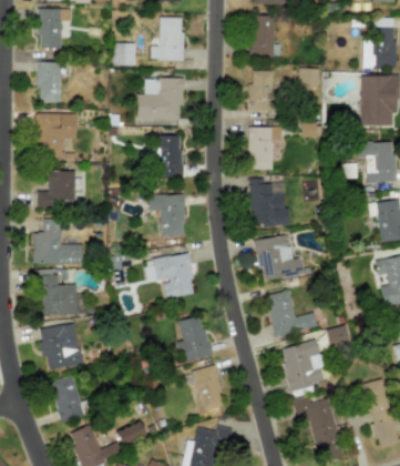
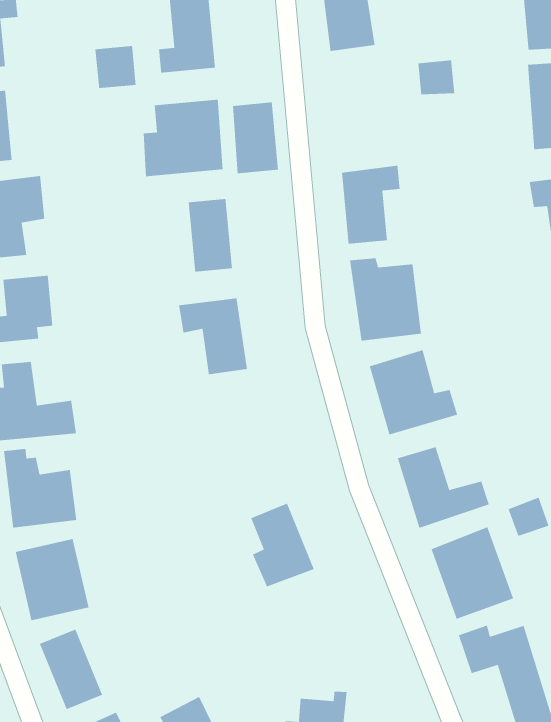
building: [249,70,274,110] -> [232,102,279,174]
building: [145,252,196,298] -> none
building: [192,364,225,412] -> none

